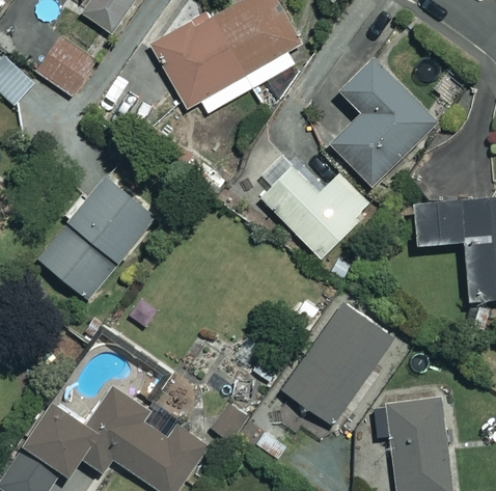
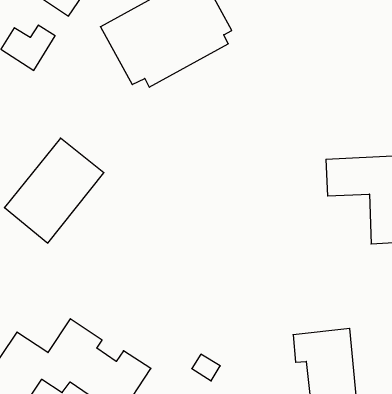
building: [330,59,437,186] -> none
building: [261,161,373,256] -> none
building: [281,303,392,424] -> none

